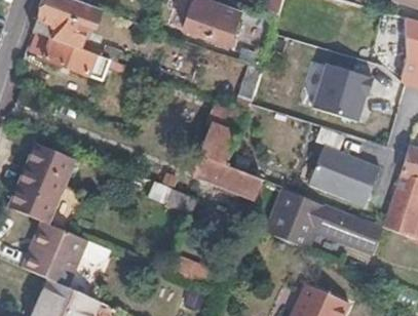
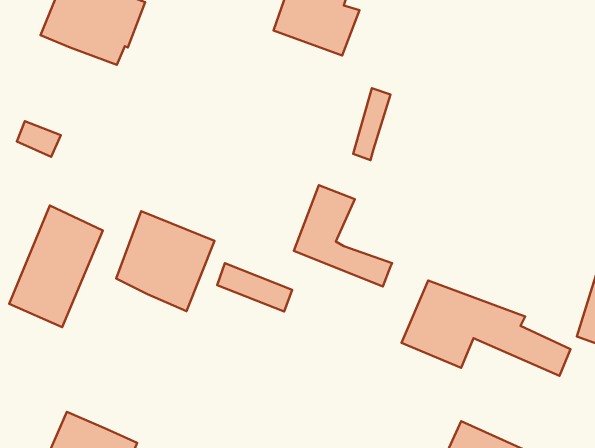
building: [42,38,108,80] -> none
building: [312,65,373,122] -> none
building: [309,146,379,204] -> none
building: [28,223,92,288] -> [116,211,215,311]

